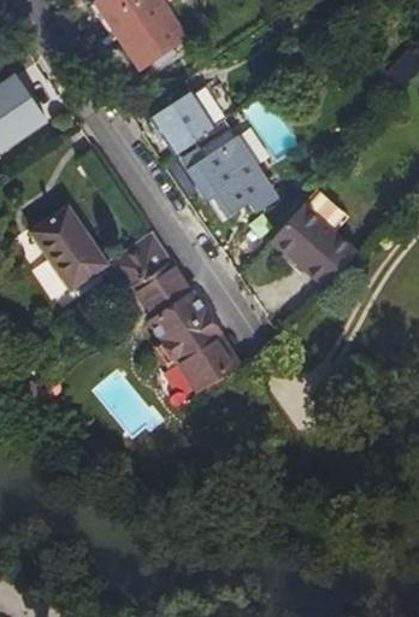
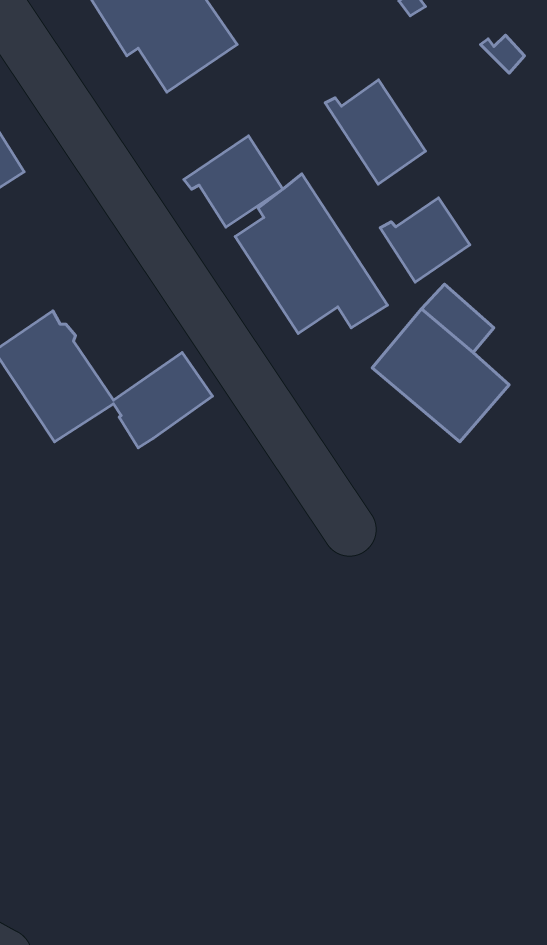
building: none -> [325,80,426,184]
building: none -> [380,198,470,282]
building: [131,259,238,388] -> none

